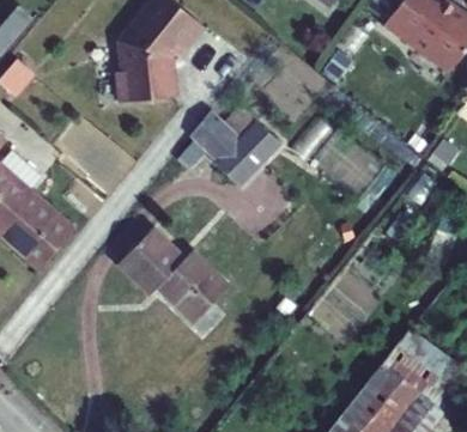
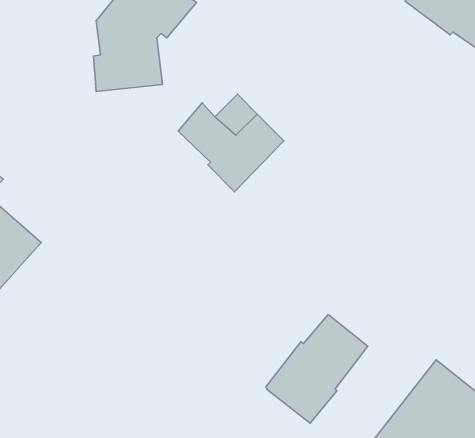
building: [119,229,229,324] -> none
building: none -> [266,315,368,423]

